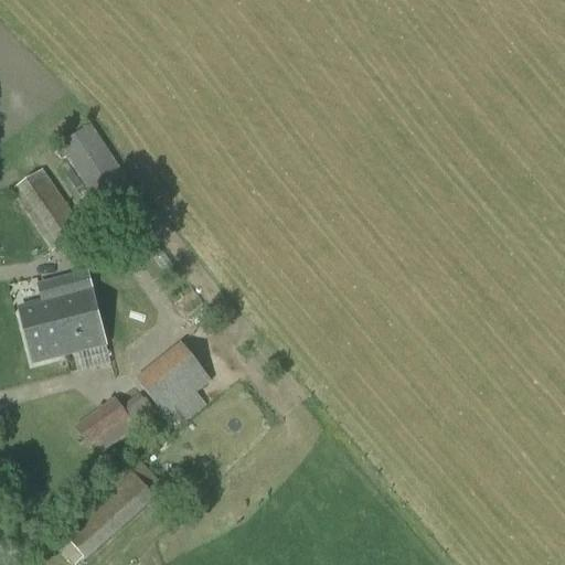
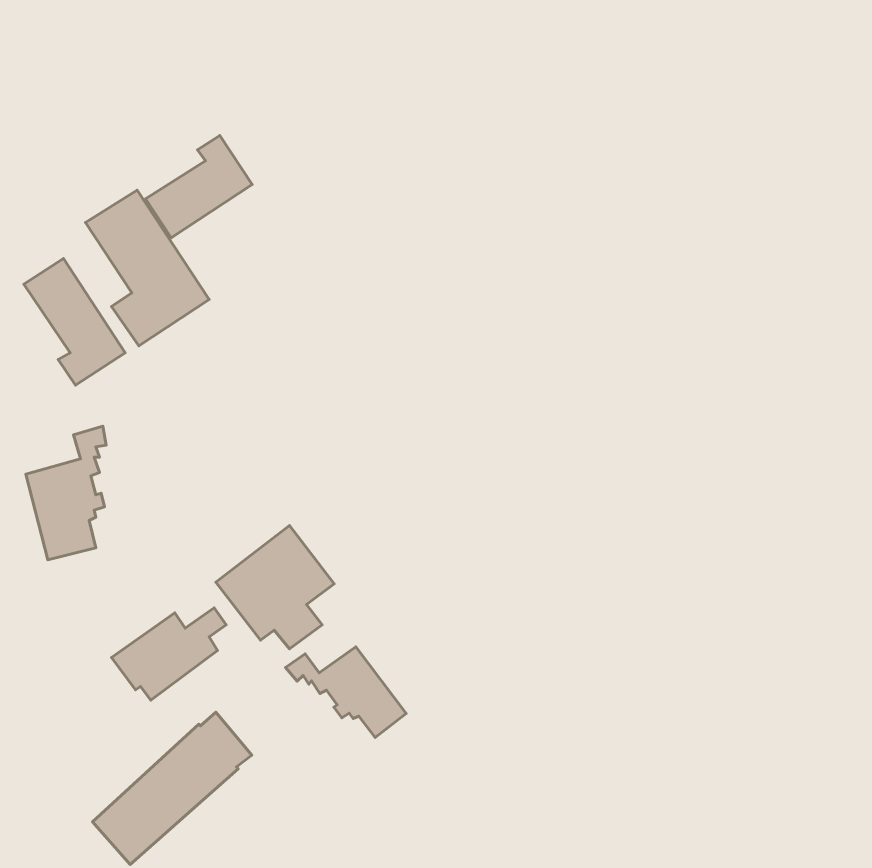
building: none -> [145,135,252,238]
building: [57,270,104,353] -> none
building: none -> [285,647,406,737]

